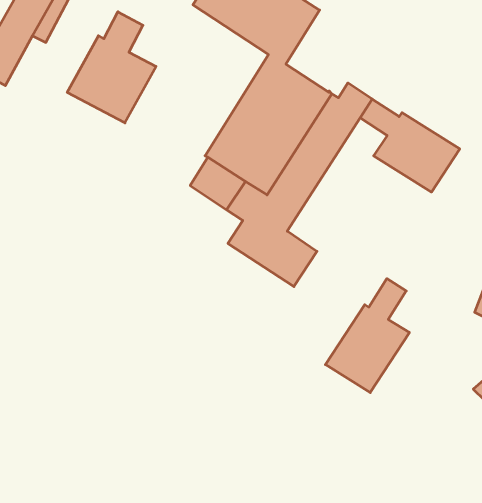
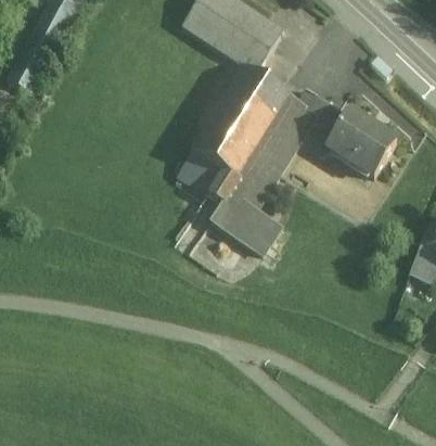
building: [67,12,156,123] -> none
building: [325,279,409,393] -> none

